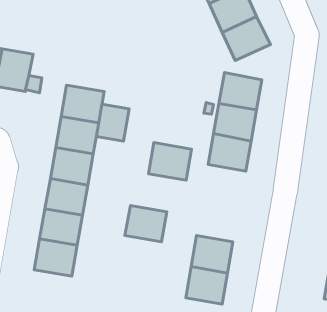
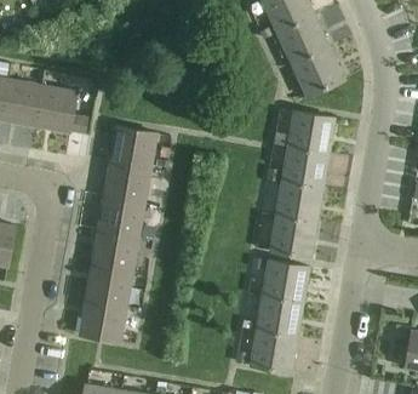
building: [96,104,129,141] -> none
building: [148,143,191,180] -> [269,215,317,257]
building: [125,205,167,242] -> [262,261,309,302]

